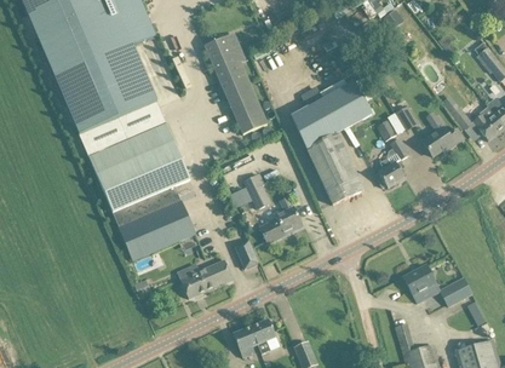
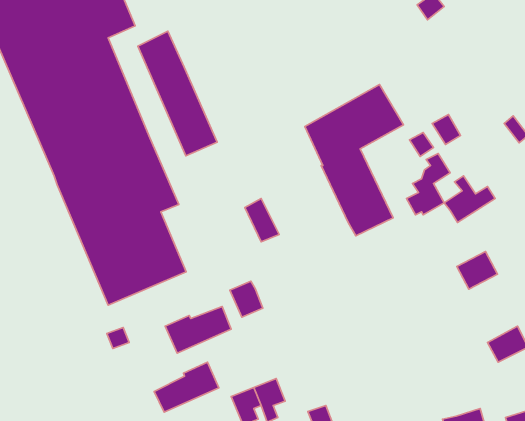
building: [205,33,269,133] -> [138,31,217,156]
building: [421,117,463,155] -> [444,176,495,222]
building: [259,196,300,242] -> none
building: [403,264,436,294] -> [457,252,497,289]
building: none -> [154,362,219,412]

